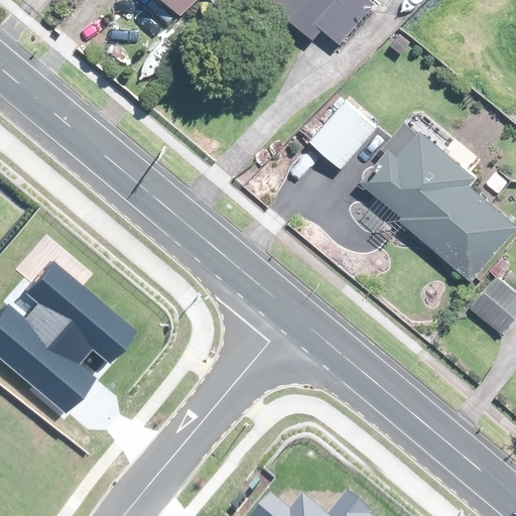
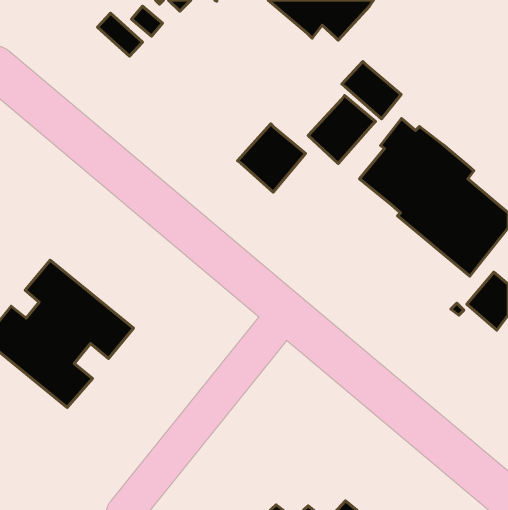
building: none -> [342,62,401,119]
building: none -> [237,124,306,192]

